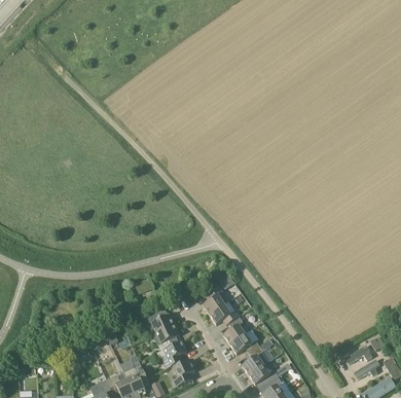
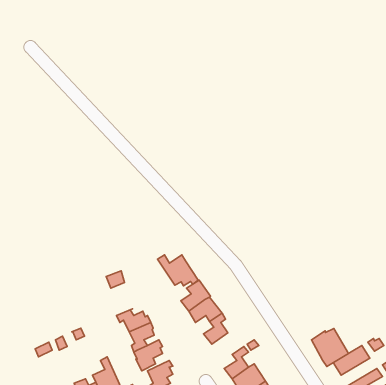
building: none -> [158,255,198,286]
building: [230,328,259,353] -> none
building: none -> [311,329,349,367]

